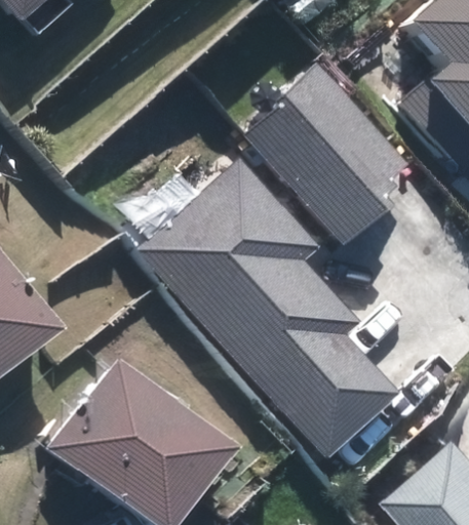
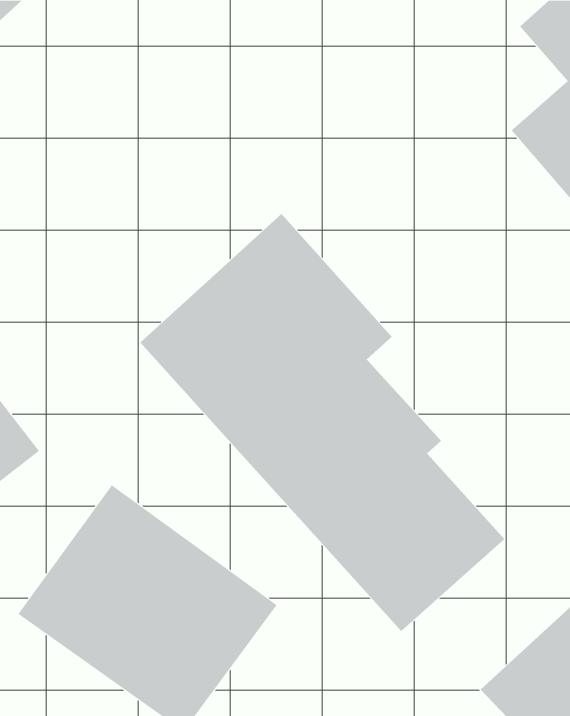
building: [240,62,409,249] -> none

